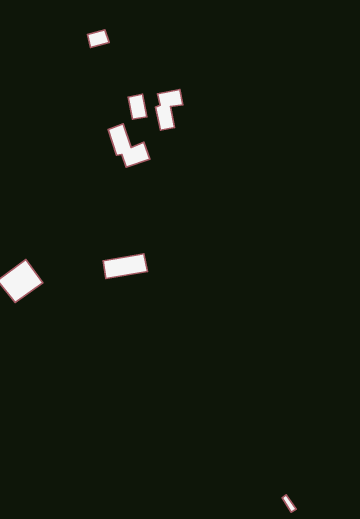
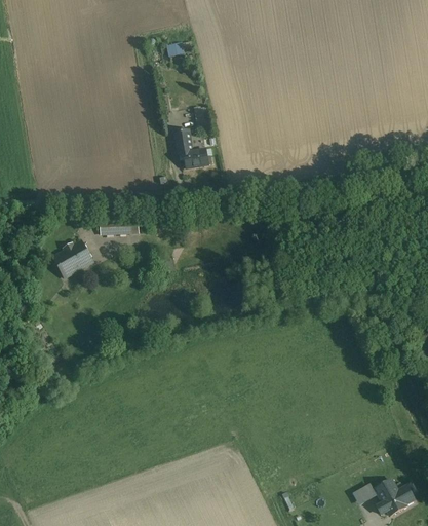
building: [155,89,183,130] -> none
building: [103,254,148,279] -> [100,216,139,233]

